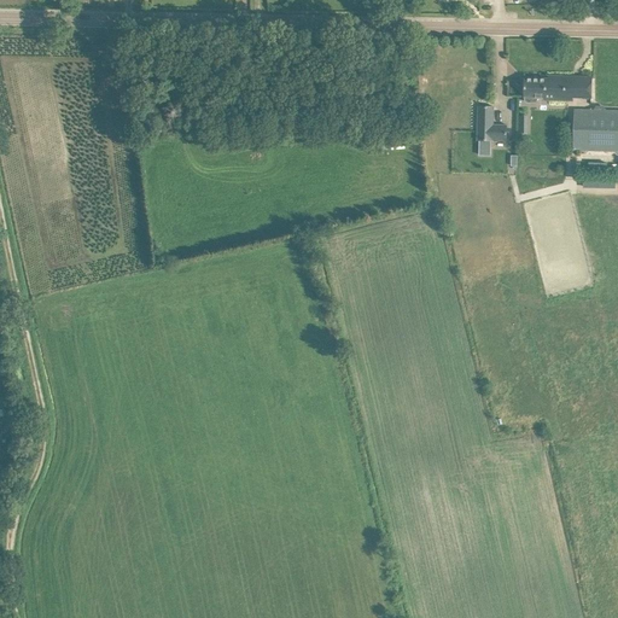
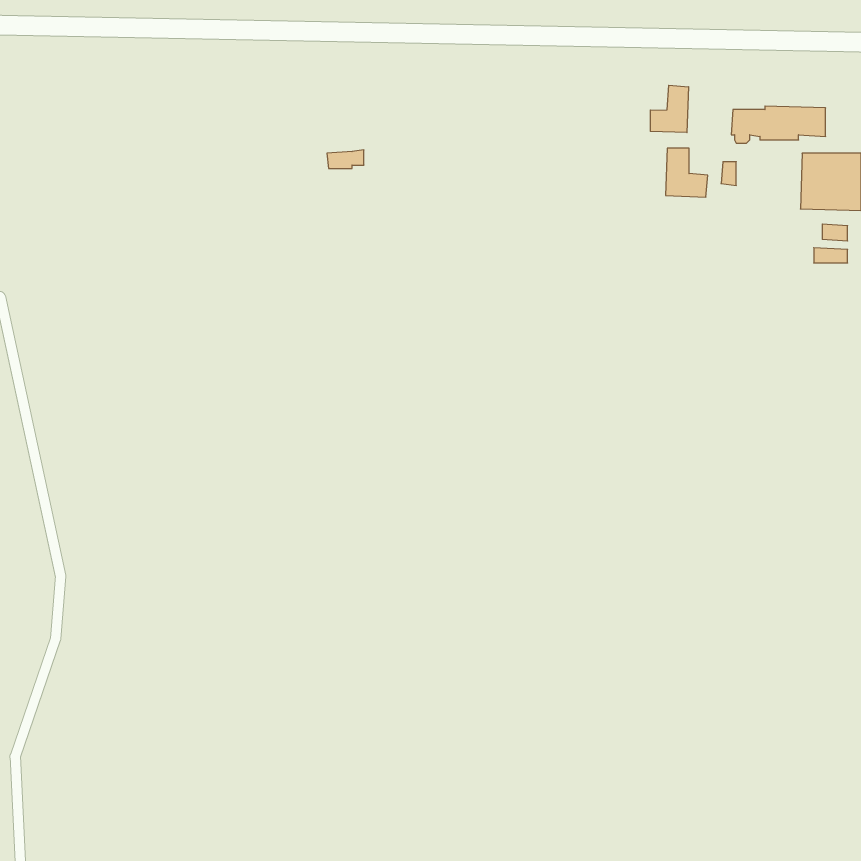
building: none -> [650,85,689,133]

